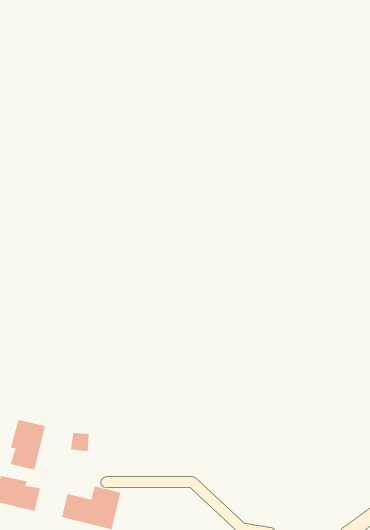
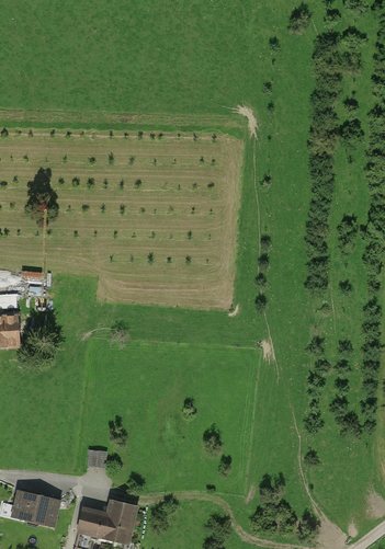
building: [10,419,46,471] -> none

